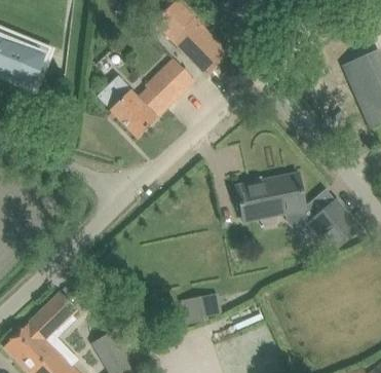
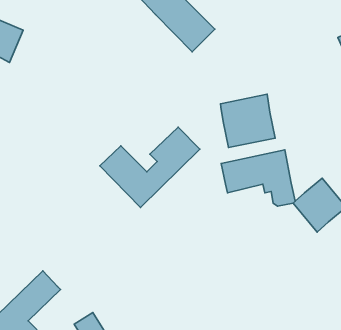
building: [97,59,195,138] -> [100,127,200,207]
building: none -> [221,94,275,148]
building: [186,292,225,322] -> none

